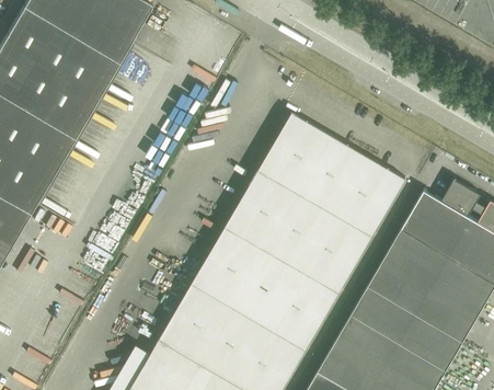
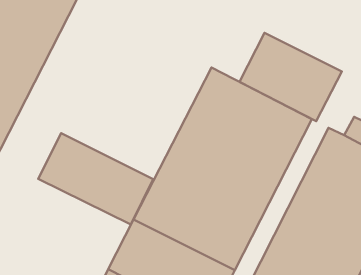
building: none -> [240,33,342,121]
building: none -> [38,133,153,225]

